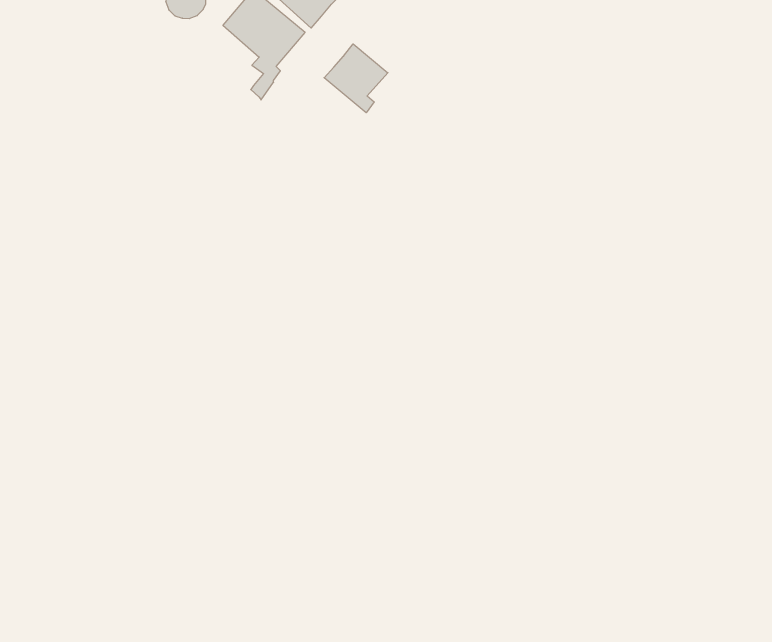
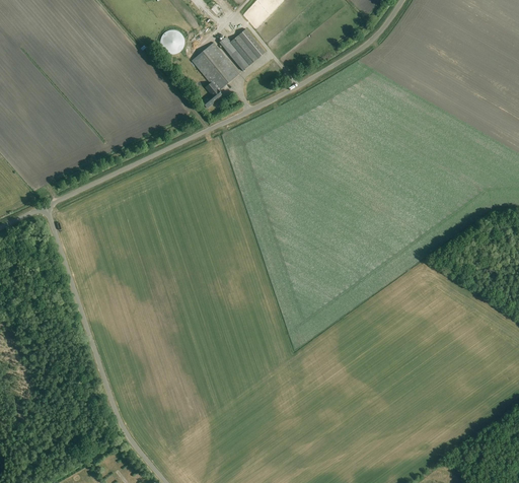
building: [324,44,388,113] -> none

